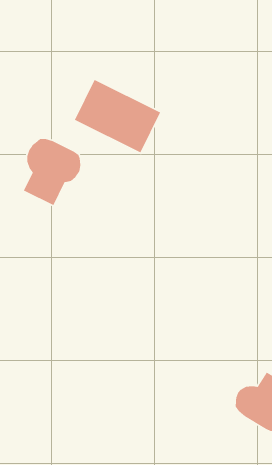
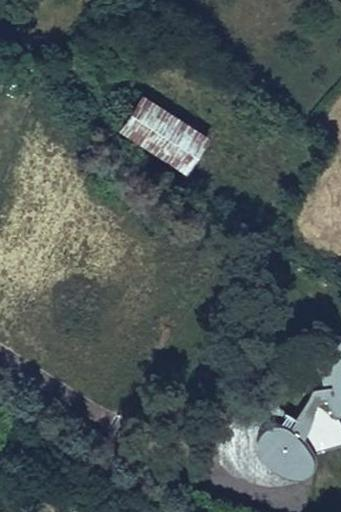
building: [23,138,81,206] -> none

